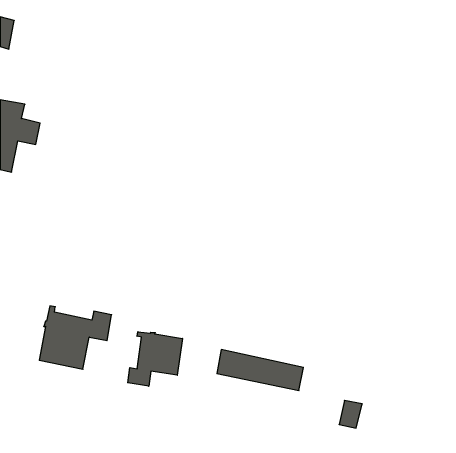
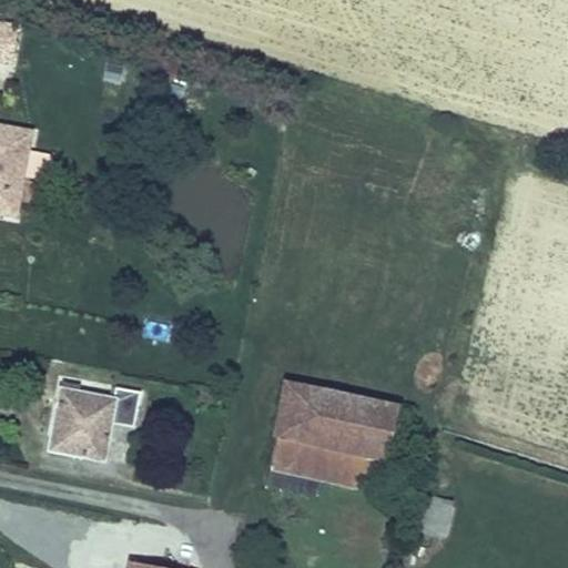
building: none -> [275,382,393,458]
building: [128,332,182,386] -> none

